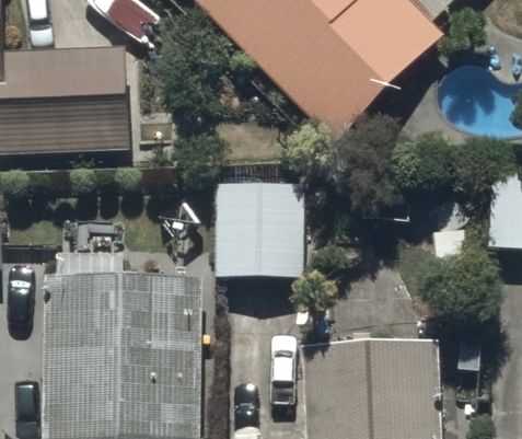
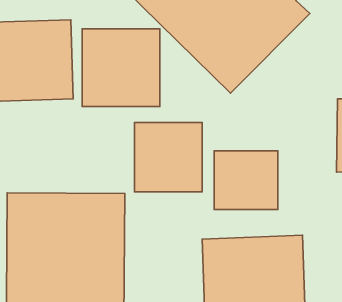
building: none -> [82,29,160,107]
building: none -> [214,151,278,210]

